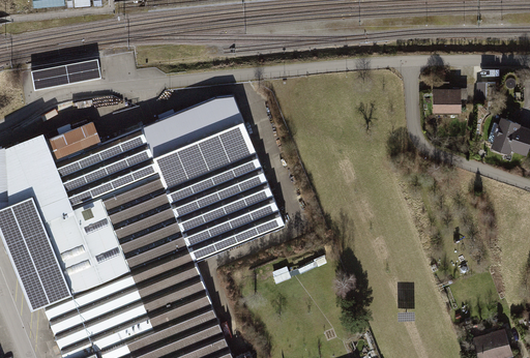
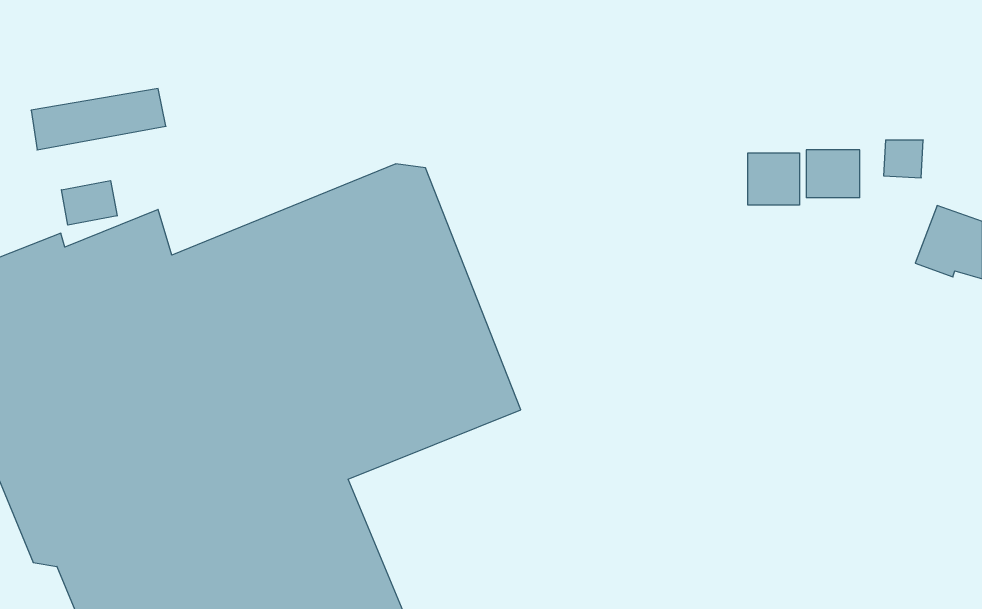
building: none -> [748,153,799,205]
building: none -> [61,181,117,225]

